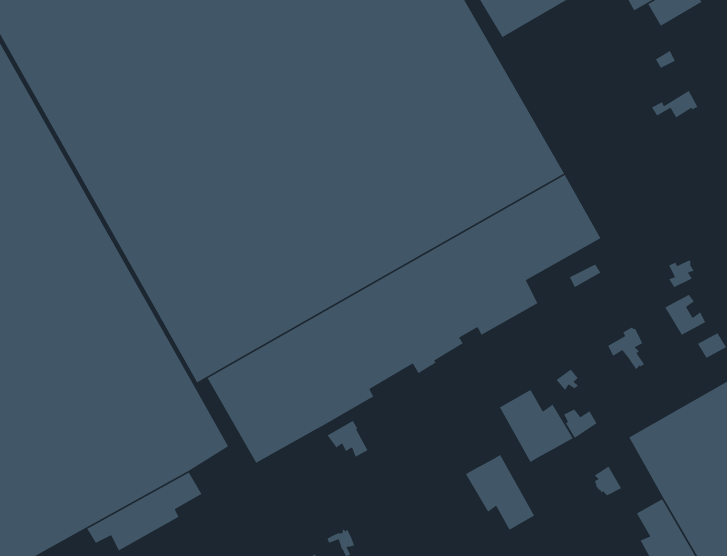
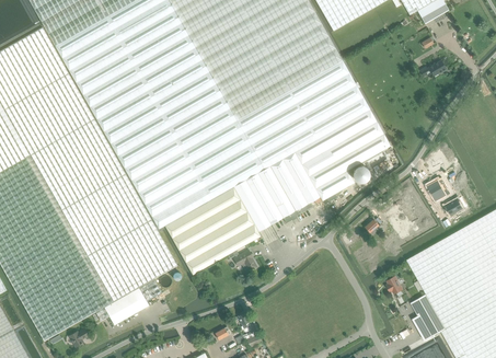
building: [499,389,574,463] -> none
building: [465,454,535,531] -> none

